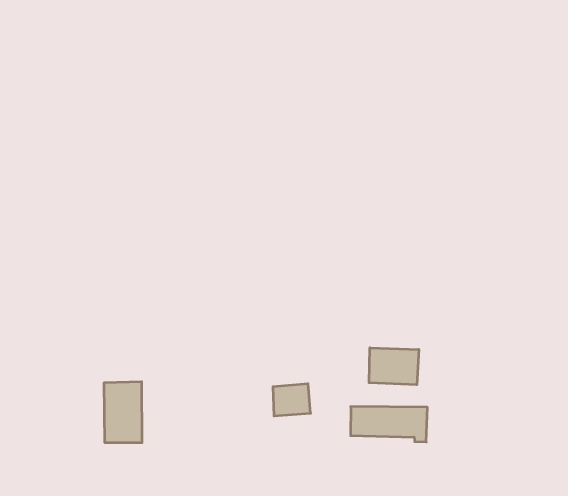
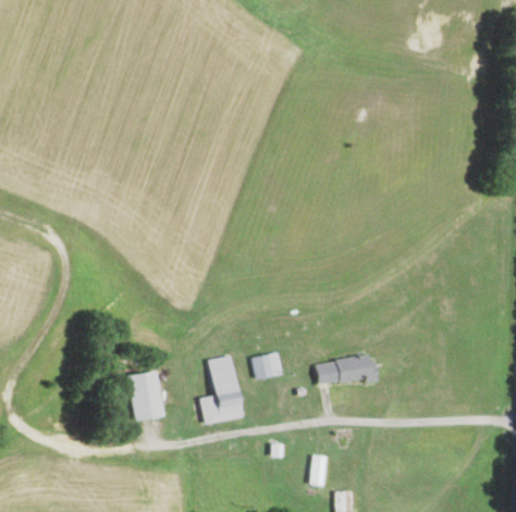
building: [369,348,419,385] -> none
building: none -> [202,355,242,424]

